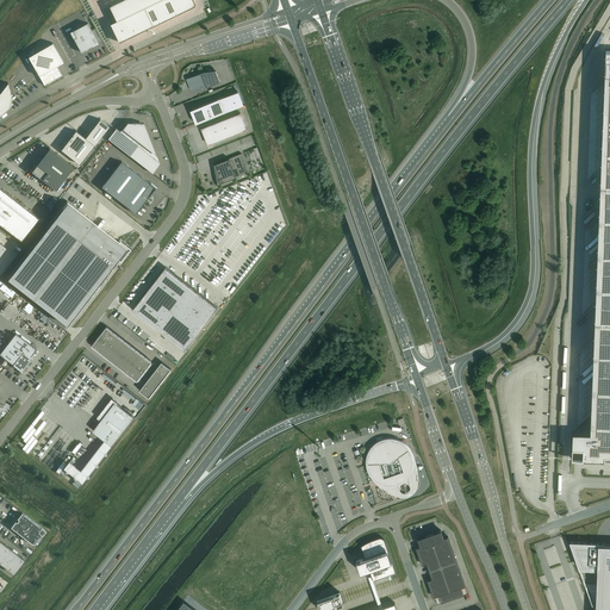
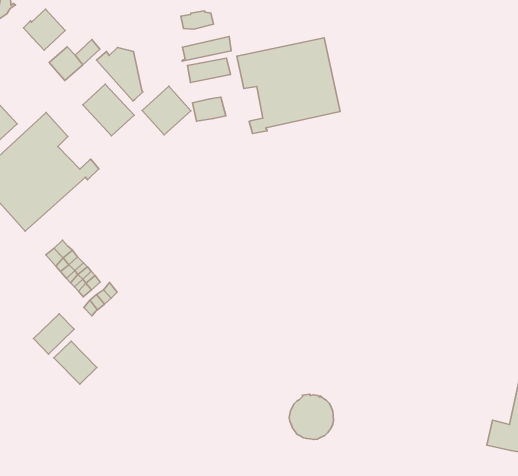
building: none -> [237,38,340,134]
building: [31,148,74,189] -> [23,9,65,50]
building: none -> [142,86,191,135]
building: [135,276,210,348] -> none
building: none -> [54,341,97,384]

